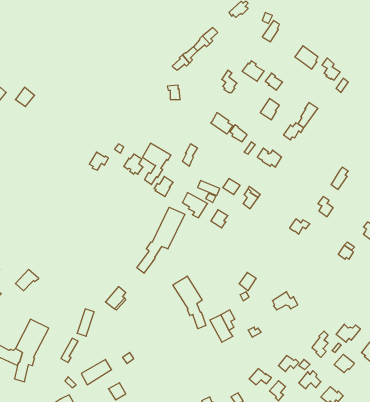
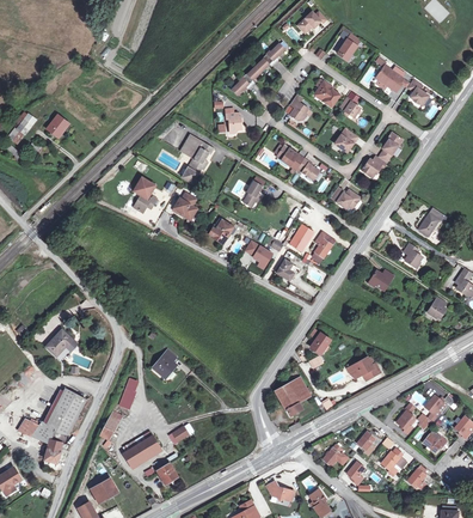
building: [143,143,171,185] -> [179,133,213,182]
building: [137,207,185,273] -> none
building: [173,276,206,329] -> none

